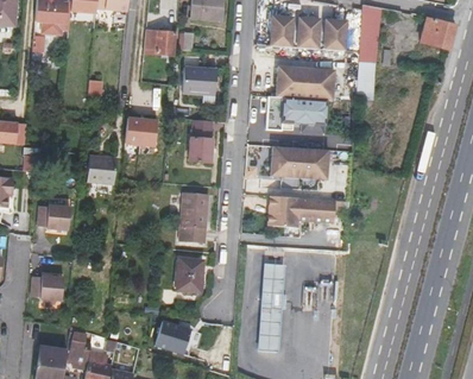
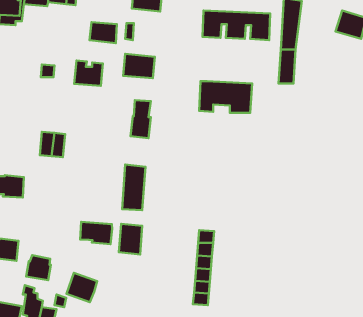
building: [275,67,333,99] -> none
building: [125,116,157,145] -> [74,60,103,86]
building: [270,146,327,178] -> none
building: [267,195,333,227] -> none
building: none -> [80,222,112,244]
building: none -> [26,255,51,280]
building: [154,320,189,353] -> [67,273,97,302]

